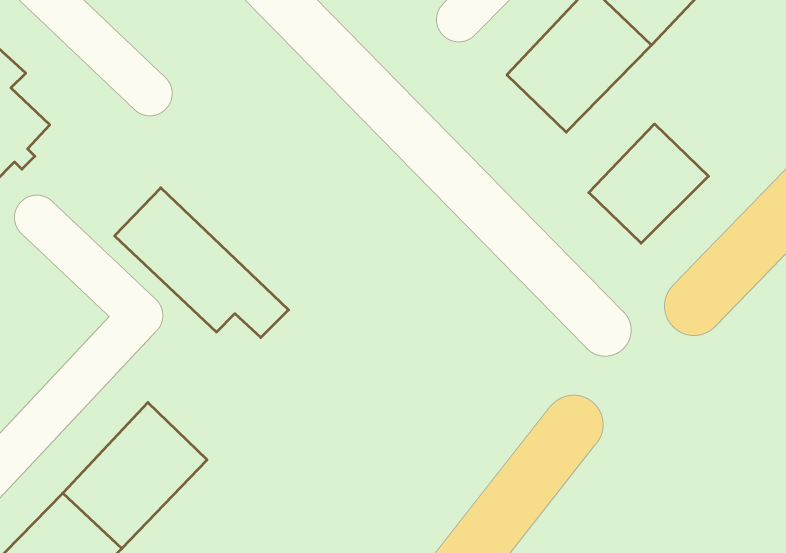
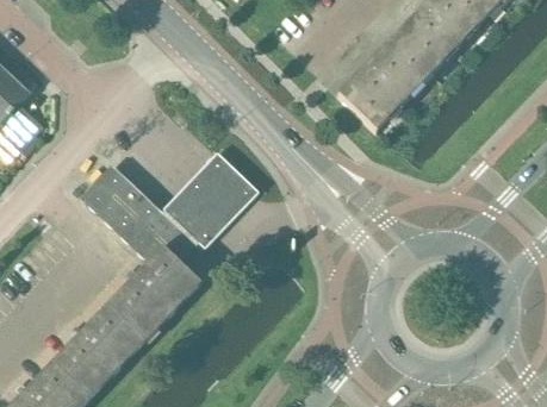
building: [589,124,709,243] -> none
building: none -> [162,149,260,246]
building: none -> [106,245,200,339]

